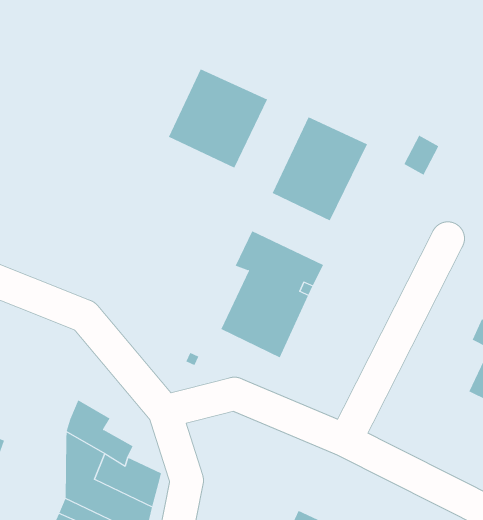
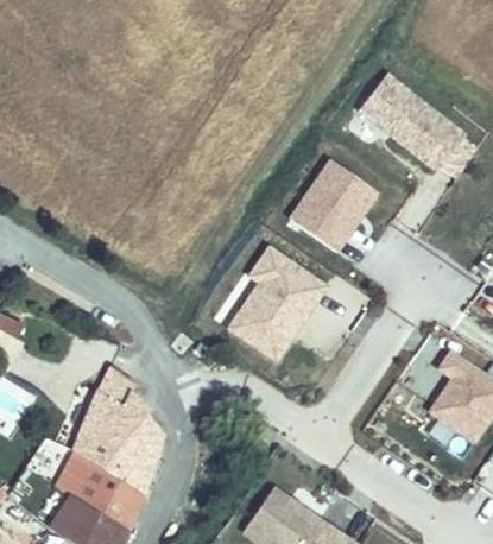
building: none -> [359,75,476,178]
building: [168,69,268,168] -> none

